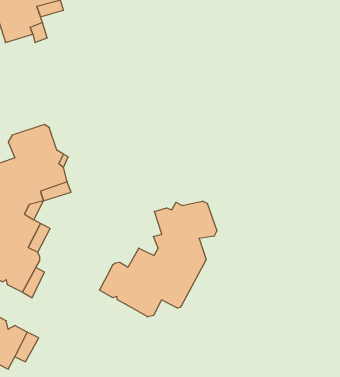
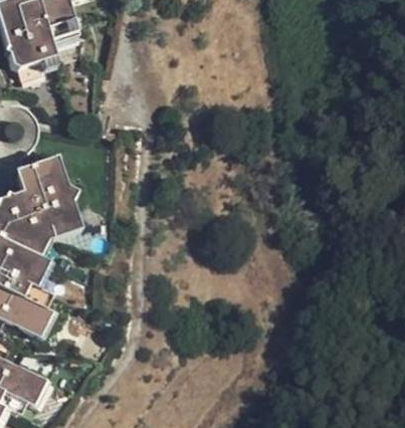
building: [99,201,217,317] -> none

